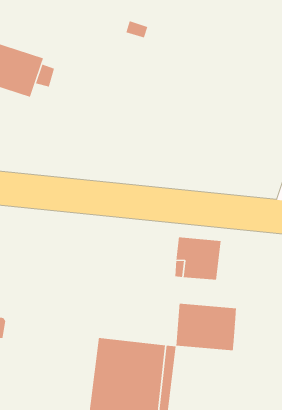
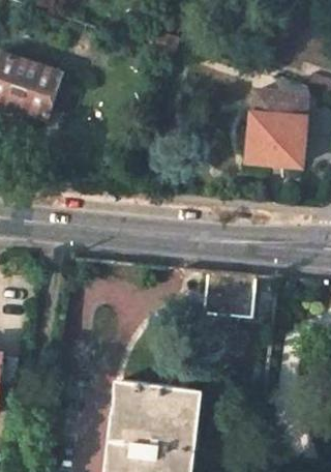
building: none -> [246,90,303,164]
building: [176,303,237,351] -> none

